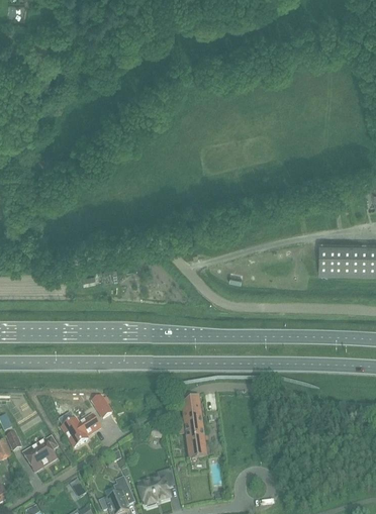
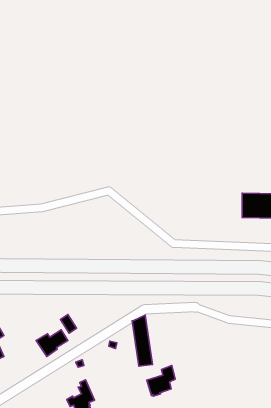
building: [22,436,57,471] -> none
building: [138,467,174,505] -> [147,366,175,396]

